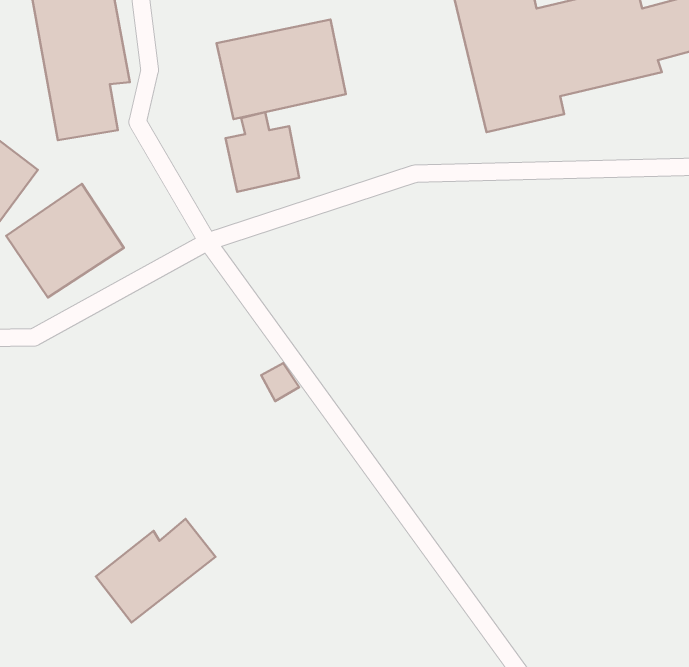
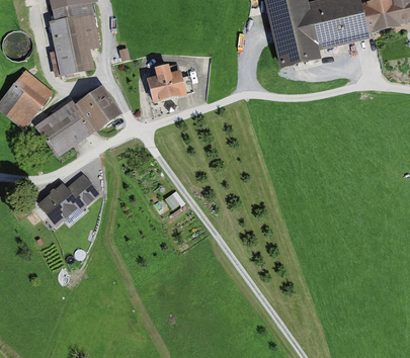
building: [217,20,346,119] -> none
building: none -> [79,84,122,127]
building: [96,519,215,622] -> [38,172,99,225]

